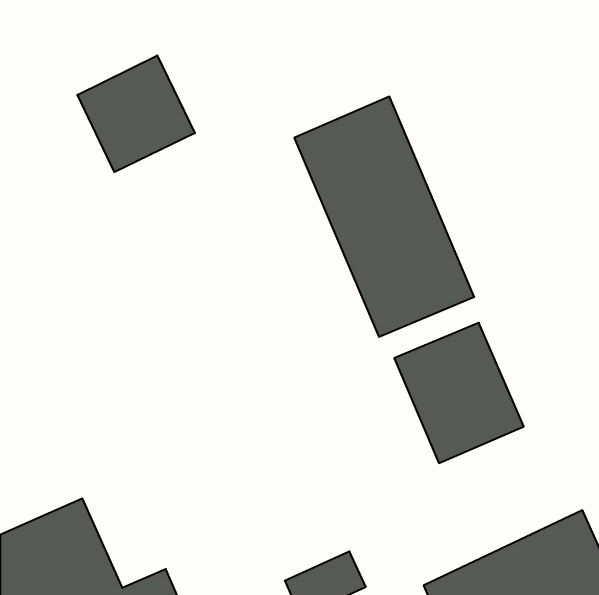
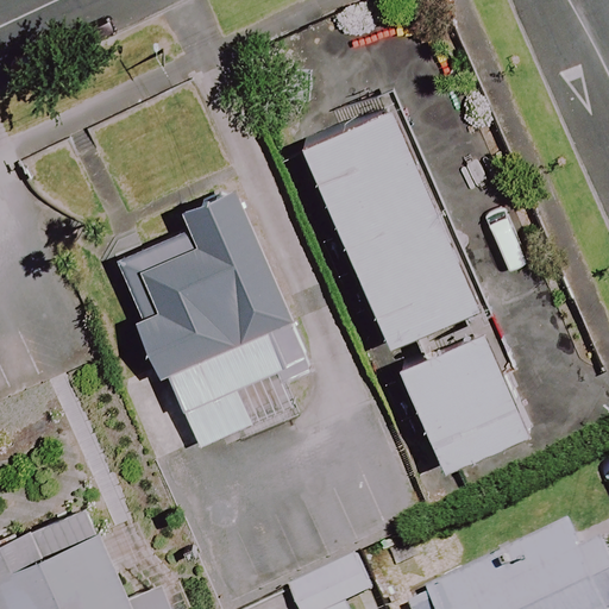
building: [77,55,195,172] -> none
building: none -> [99,174,307,416]

